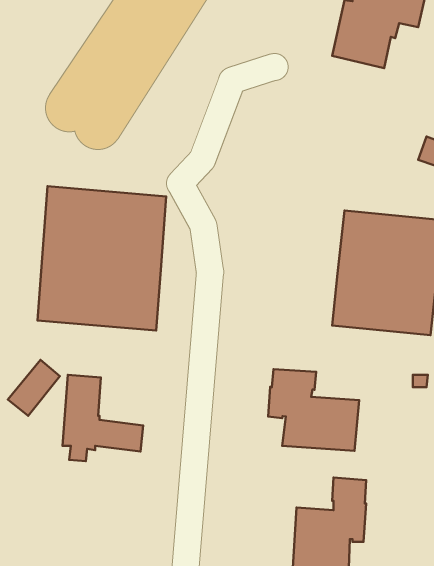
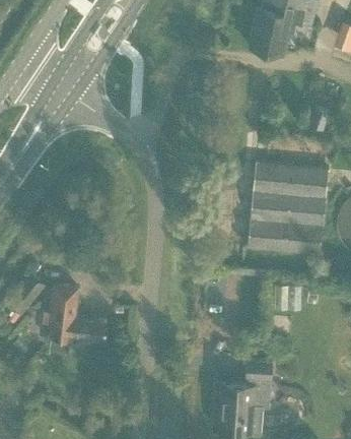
building: [37,186,166,330] -> none
building: [268,369,359,451] -> none

